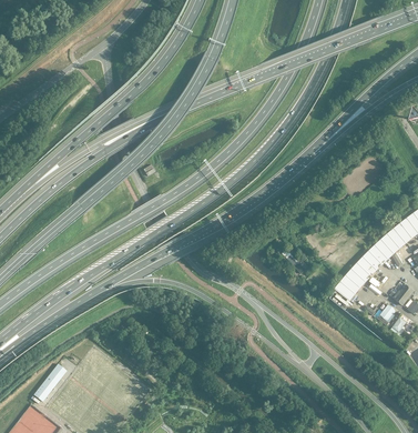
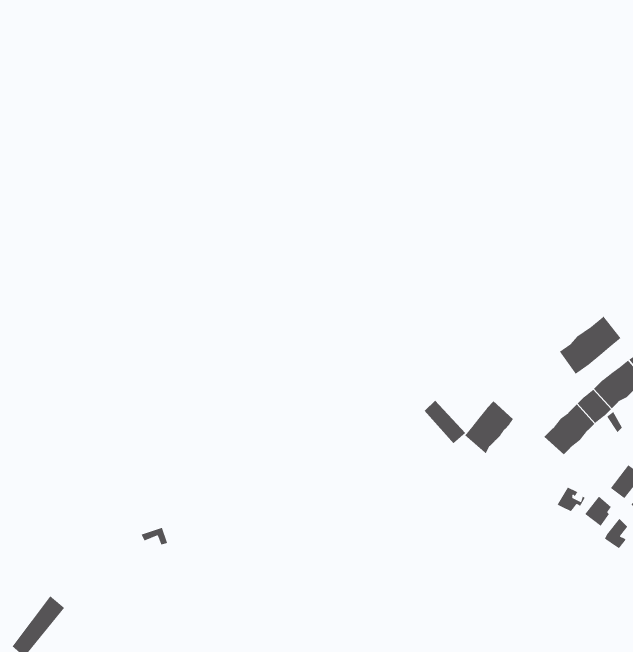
building: none -> [559,315,621,375]
building: [336,268,366,303] -> [464,401,514,460]

